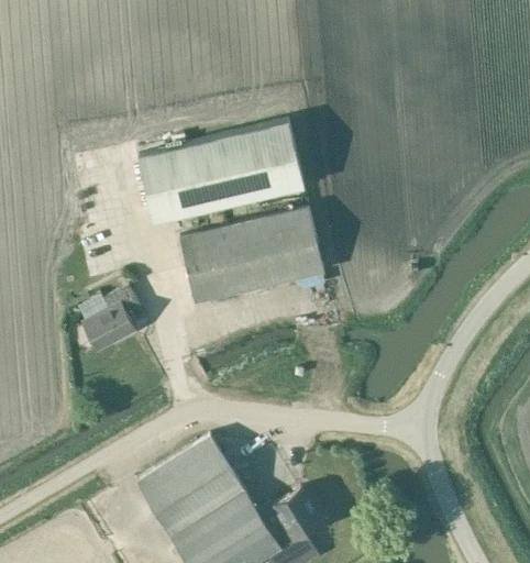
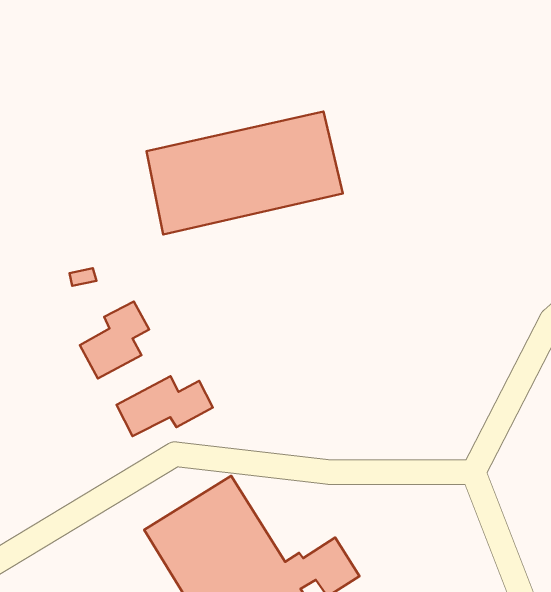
building: [179,208,323,301] -> none
building: none -> [116,376,213,436]

